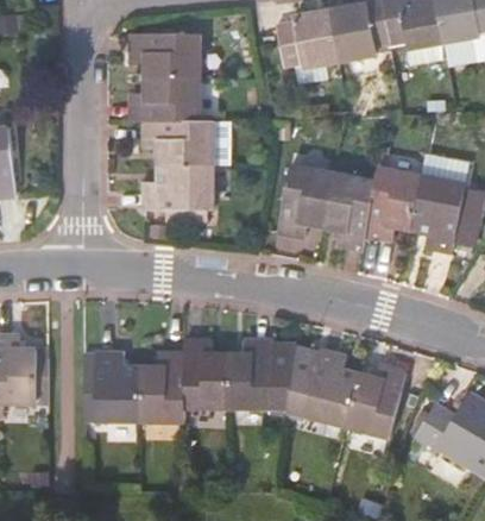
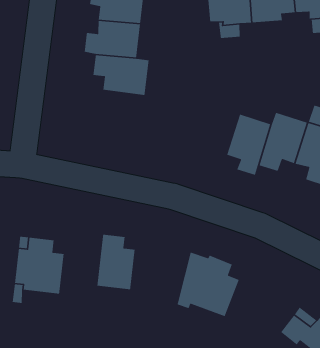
building: [147,163,215,220] -> none
building: [279,165,334,236] -> none
building: [225,340,292,412] -> none
building: [138,353,182,421] -> none
building: [345,366,403,437] -> none

